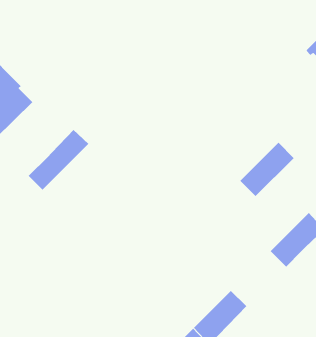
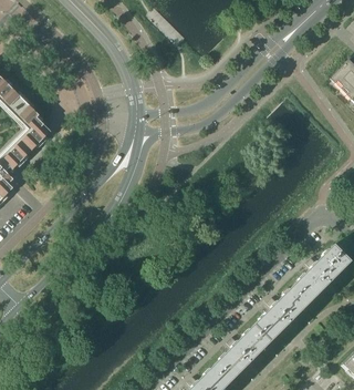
building: [28,129,89,190] -> none
building: [239,142,295,197] -> [252,285,309,341]

